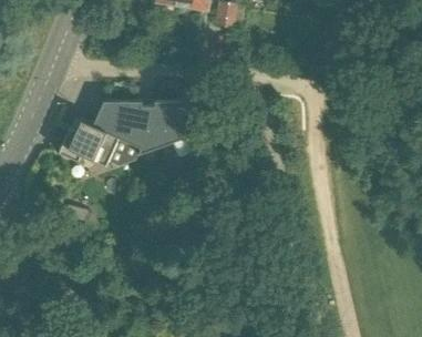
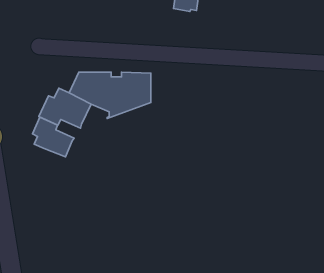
building: none -> [32,117,74,157]

